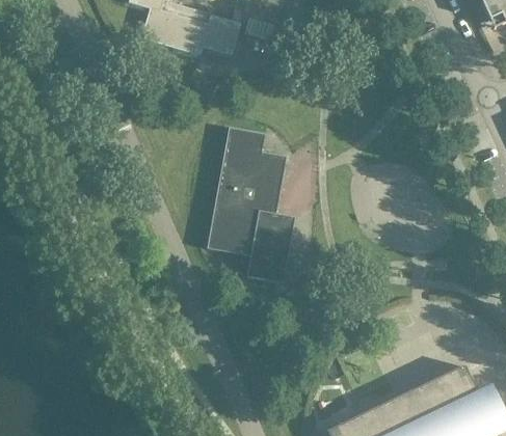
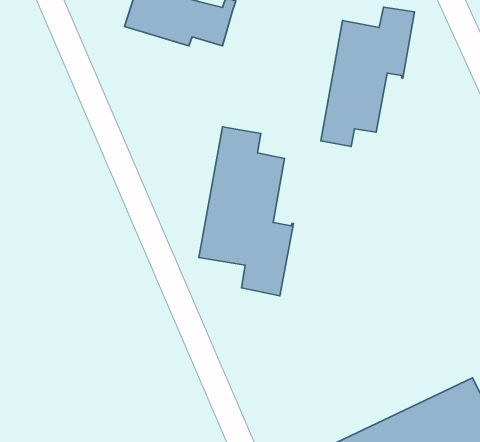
building: none -> [321,7,414,146]

